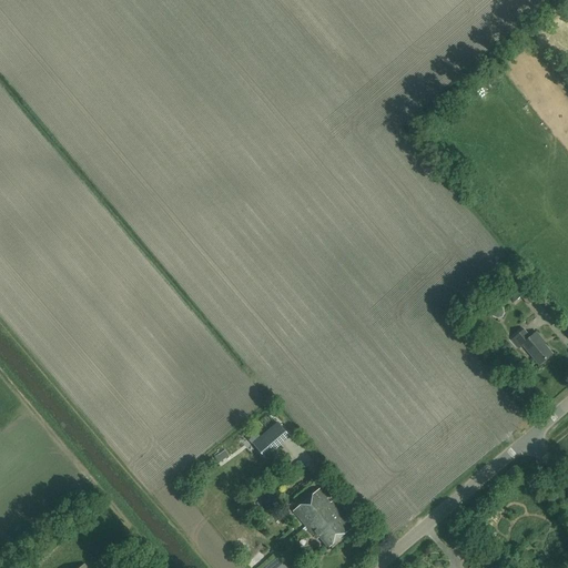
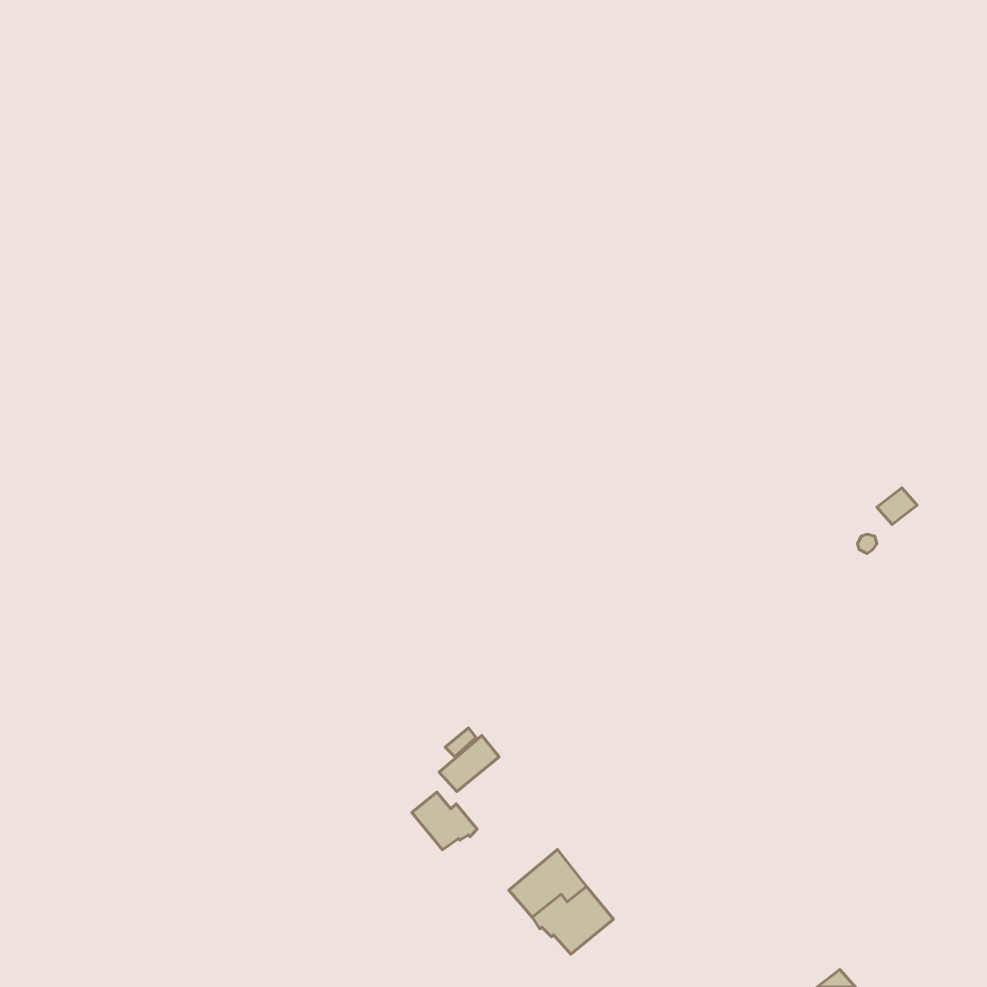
building: [510,329,550,364] -> none
building: none -> [412,792,477,850]

